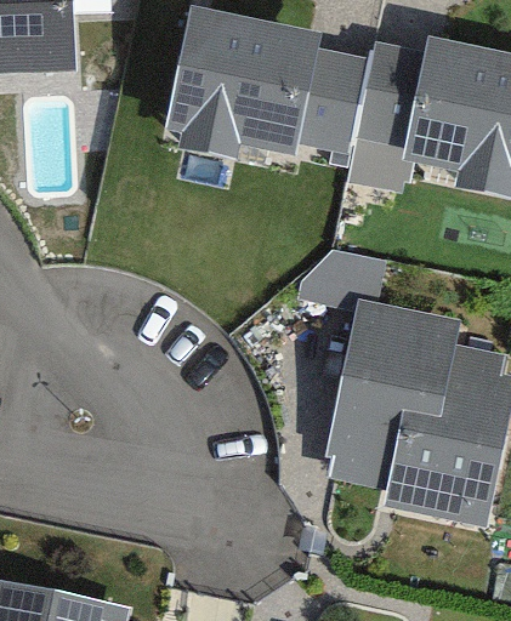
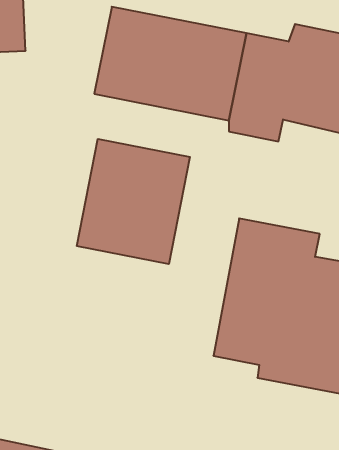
building: none -> [77,139,190,264]

